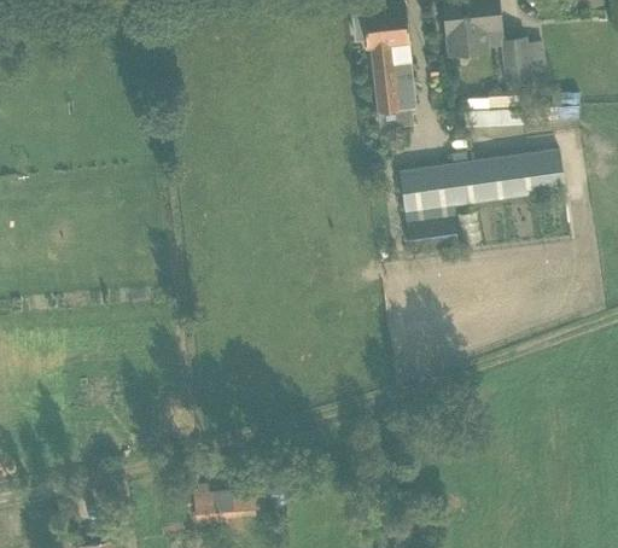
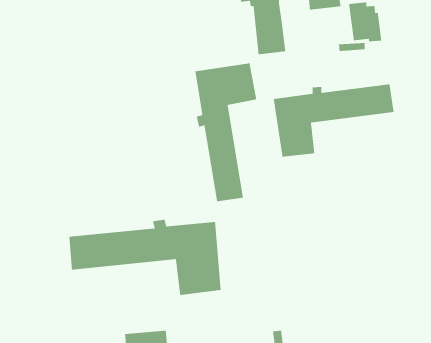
building: none -> [195,63,257,202]
building: none -> [69,219,221,296]

